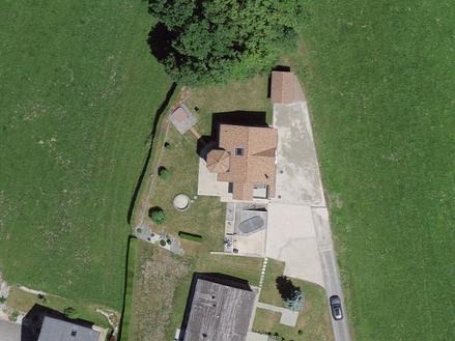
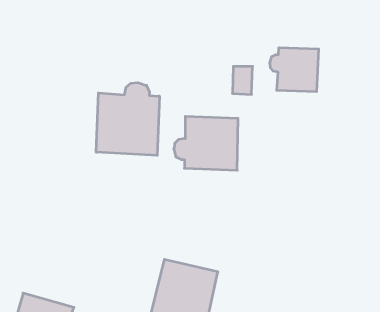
building: none -> [270,48,319,92]
building: none -> [96,83,159,155]

